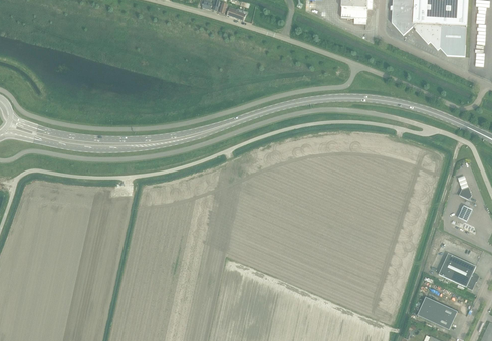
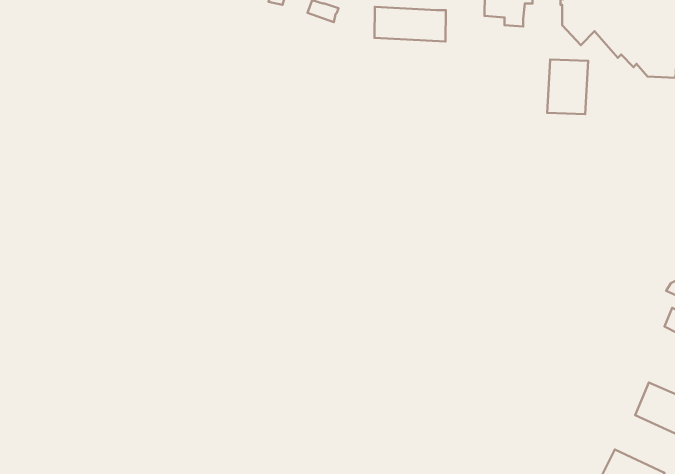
building: none -> [374,7,446,42]
building: none -> [547,60,588,114]

